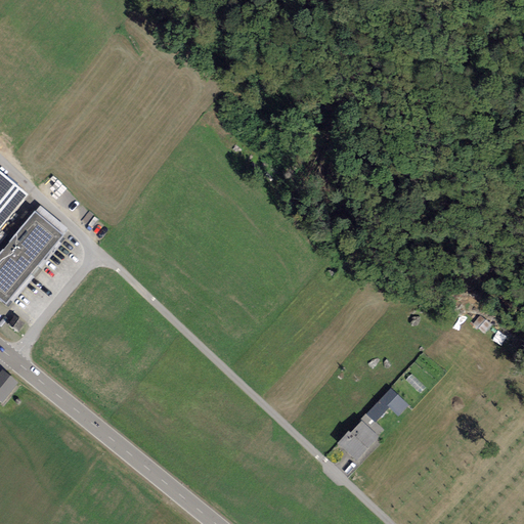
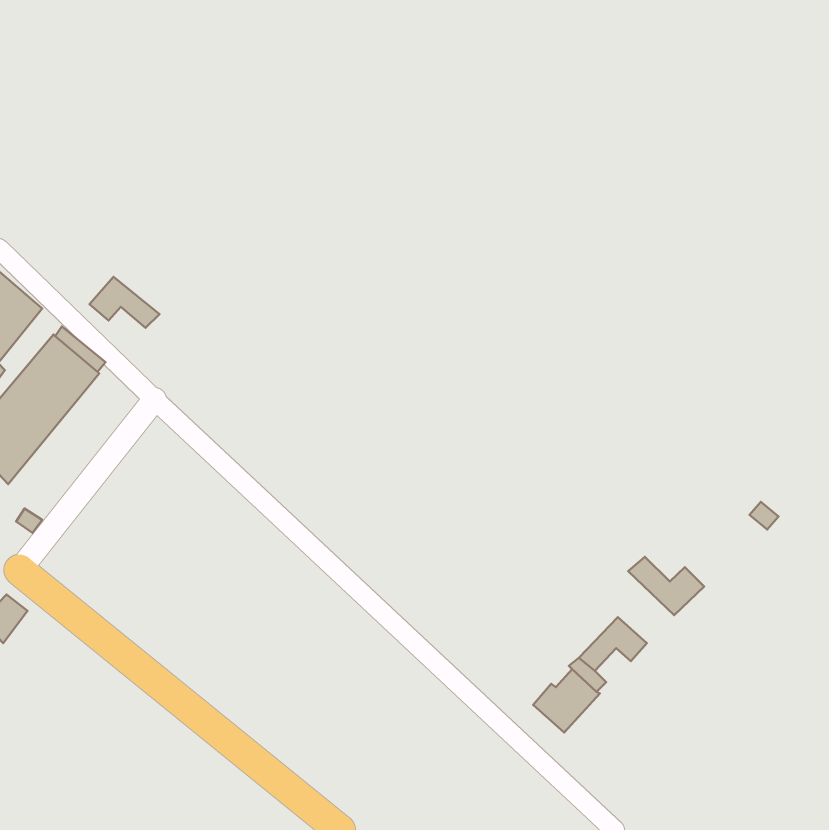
building: none -> [89,277,159,328]
building: none -> [628,557,704,615]

